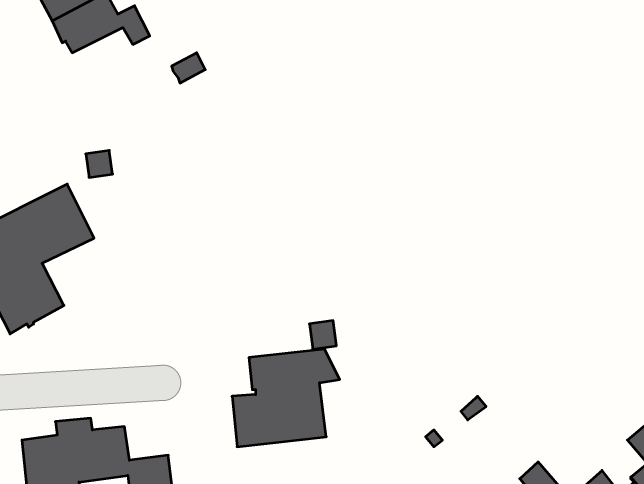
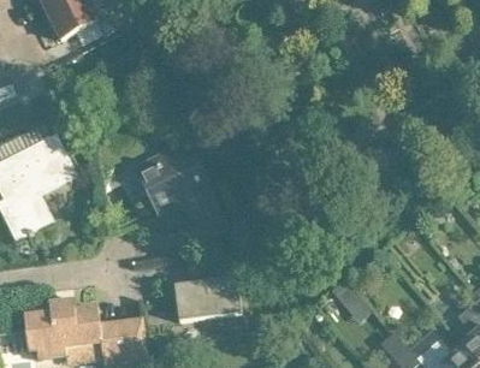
building: none -> [140,149,226,241]

